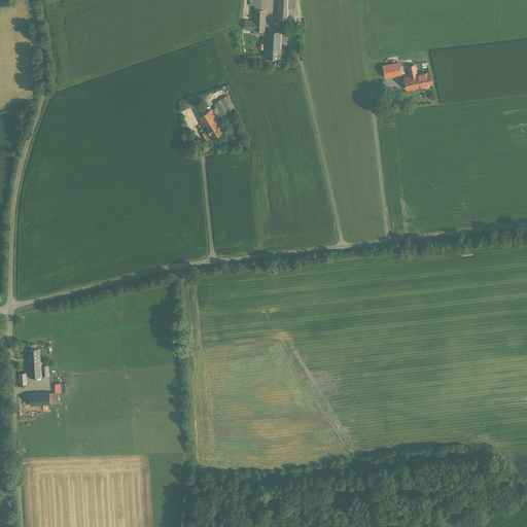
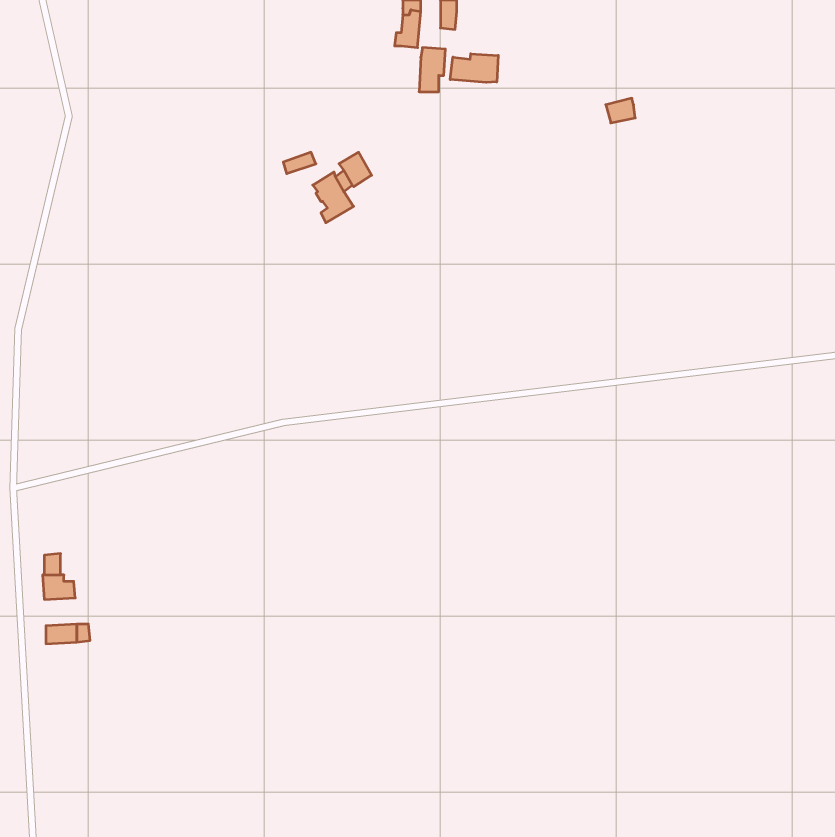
building: none -> [450,54,498,82]
building: [402,64,430,90] -> none

